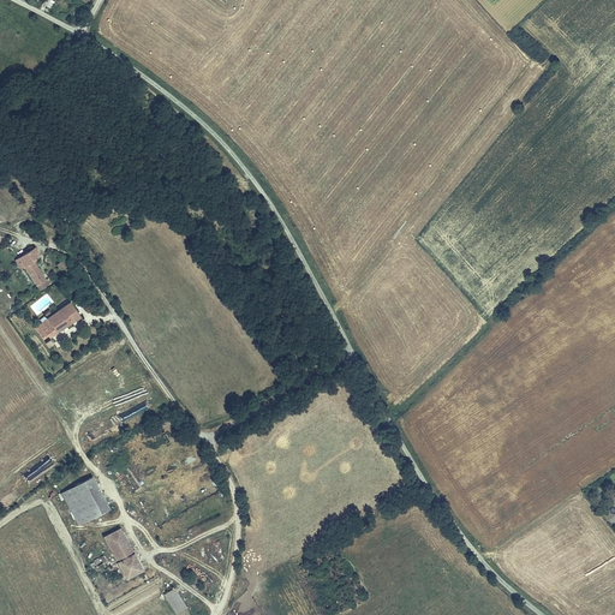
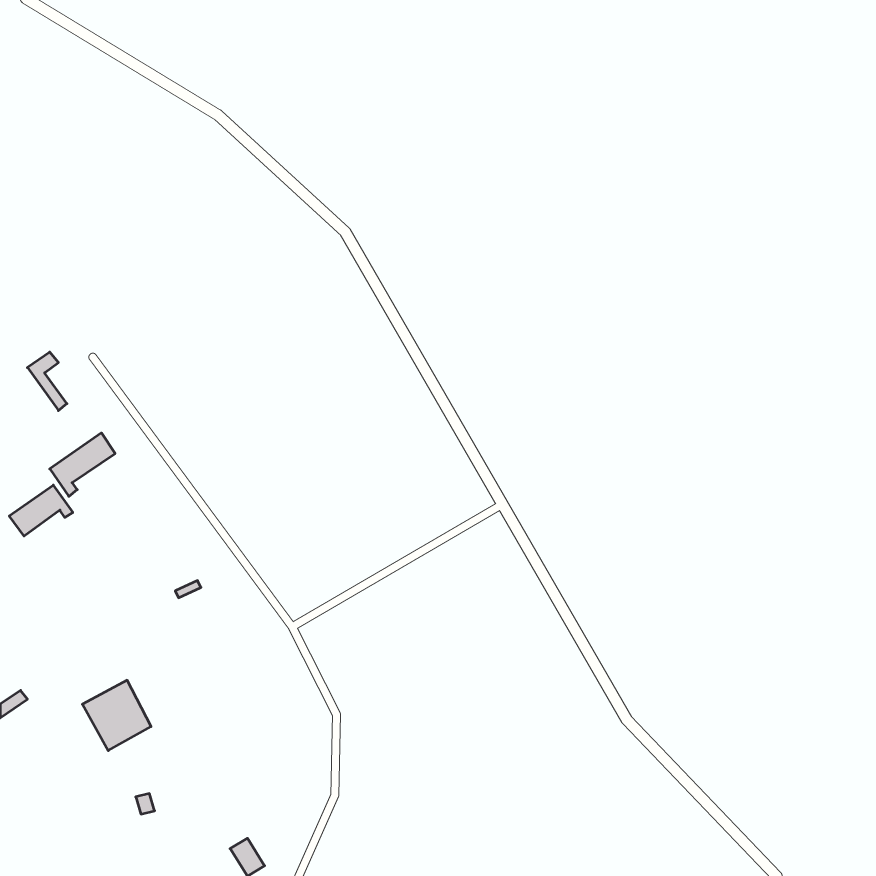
building: none -> [9,485,73,536]
building: [103,526,141,577] -> none

